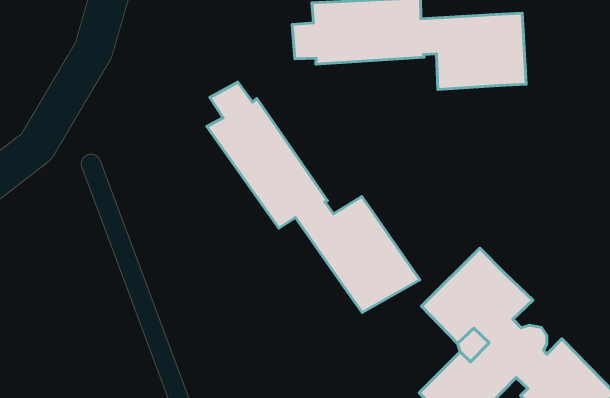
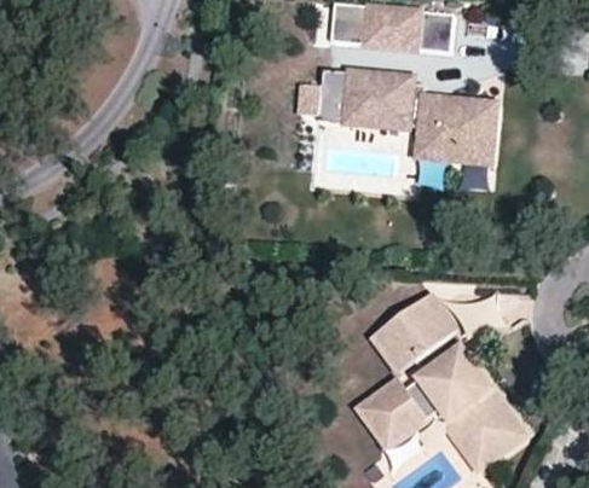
building: [207,82,420,313] -> none

